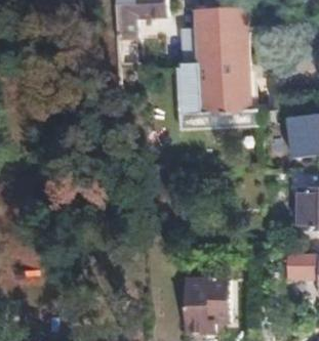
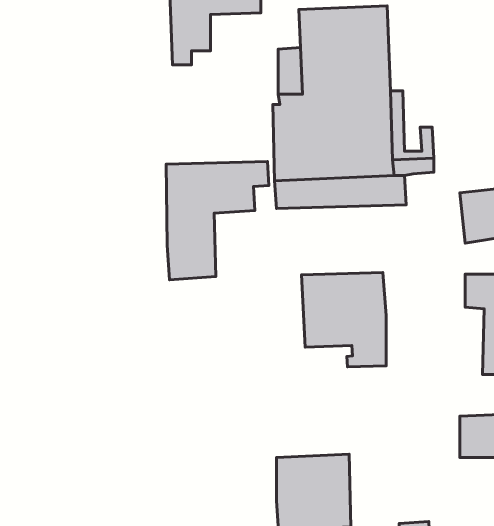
building: none -> [166,161,269,280]
building: none -> [301,273,386,367]

